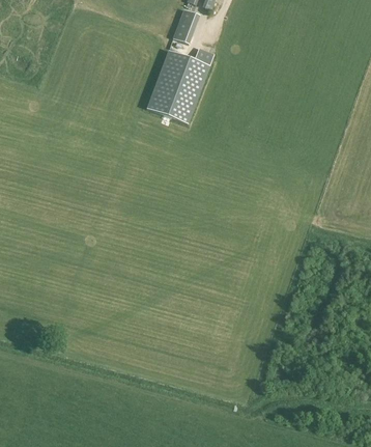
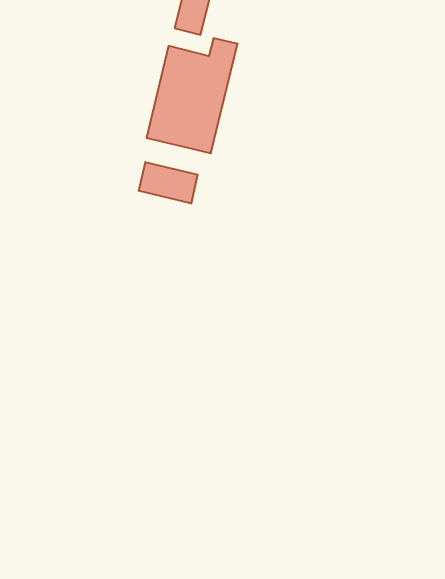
building: none -> [139,162,198,204]

